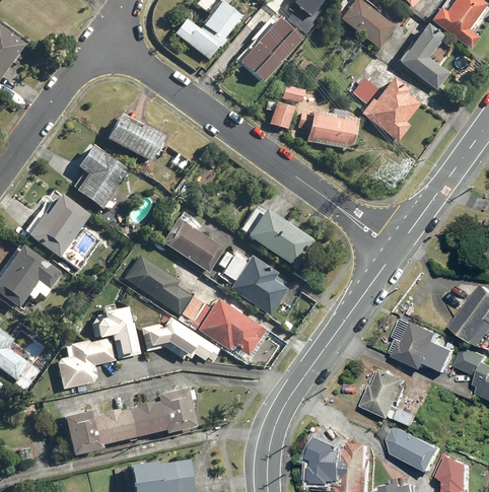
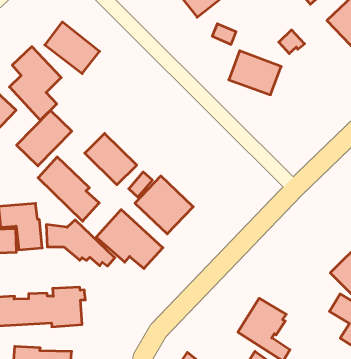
building: [360,75,420,142] -> none
building: [269,100,295,130] -> none
building: none -> [17,110,72,166]
building: [248,208,313,267] -> none
building: [181,293,211,326] -> none
building: [388,321,452,371] -> none

